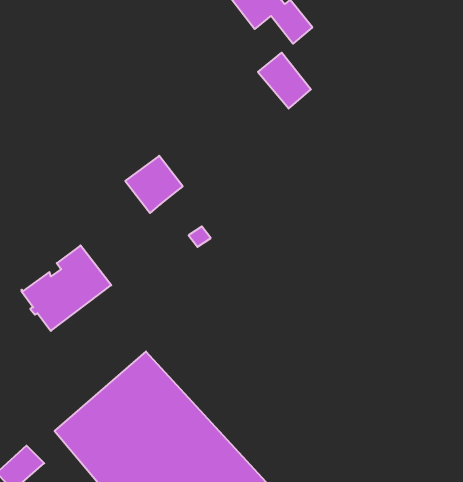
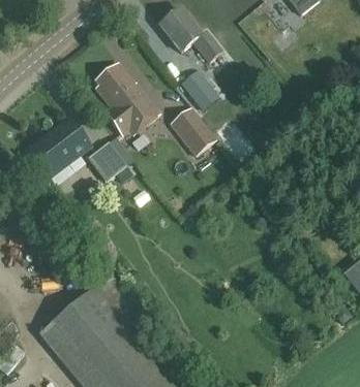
building: none -> [96,64,160,135]
building: none -> [170,107,215,155]
building: [21,245,111,331] -> [27,120,90,180]

